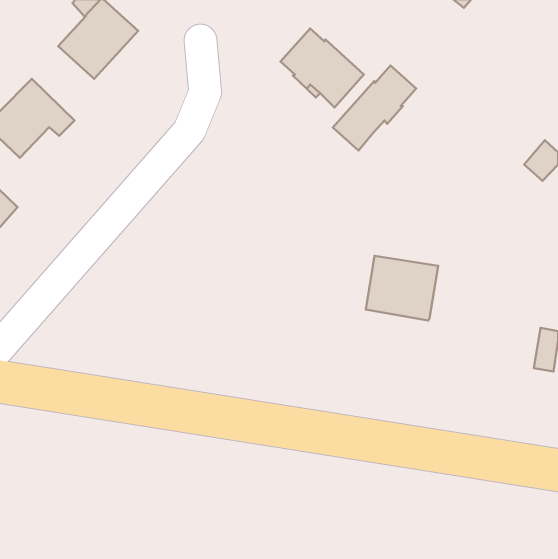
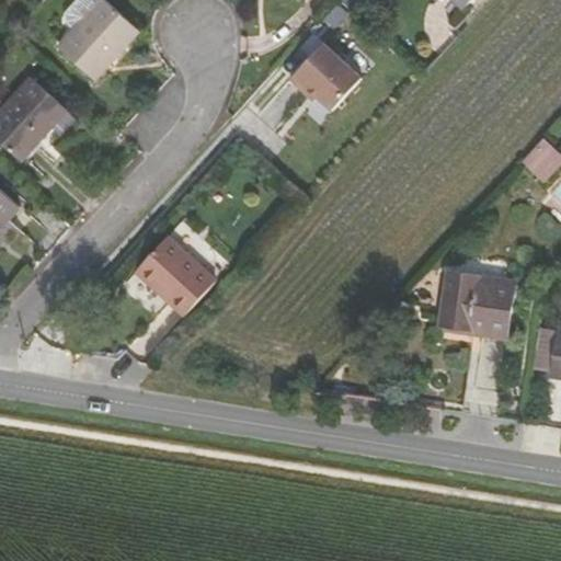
building: [333,65,416,151] -> none
building: none -> [135,237,215,317]
building: [366,256,438,321] -> [442,273,514,337]

